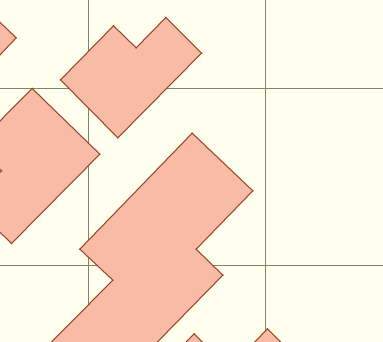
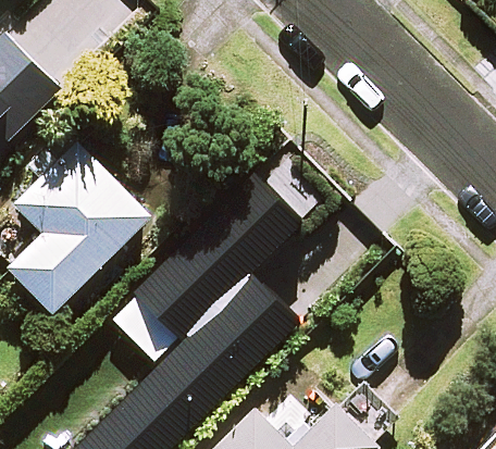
building: [60,18,201,138] -> none

